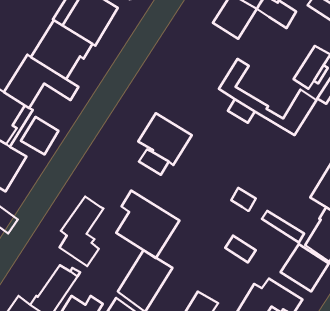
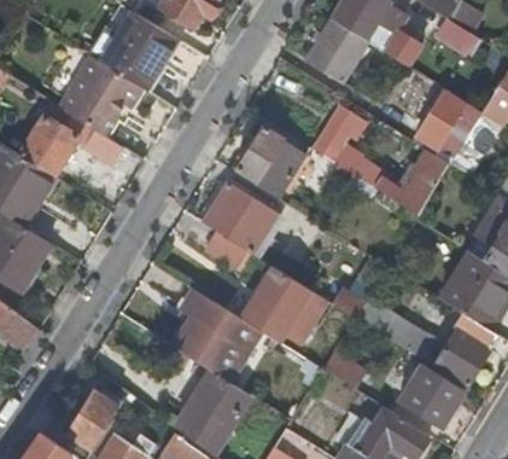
building: none -> [235,124,309,201]
building: [21,117,58,155] -> none
building: none -> [241,266,319,343]
building: [60,196,103,266] -> none

